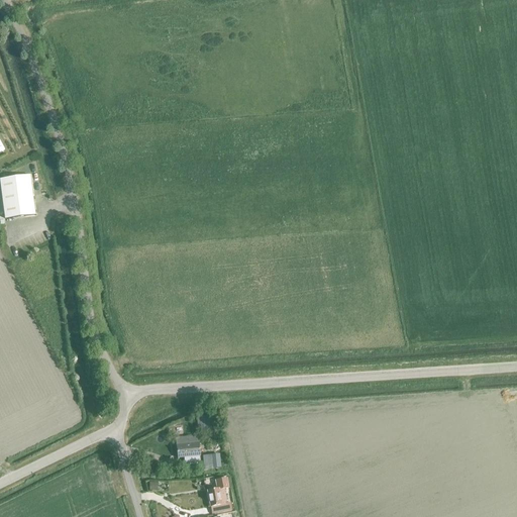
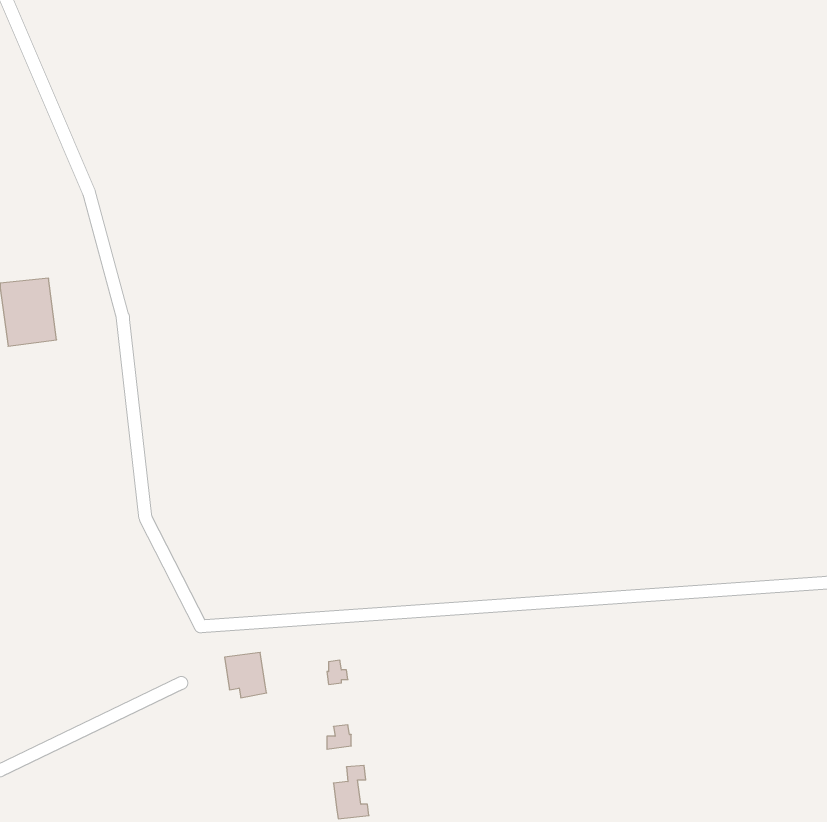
building: [176,435,202,463] -> [225,652,267,698]

